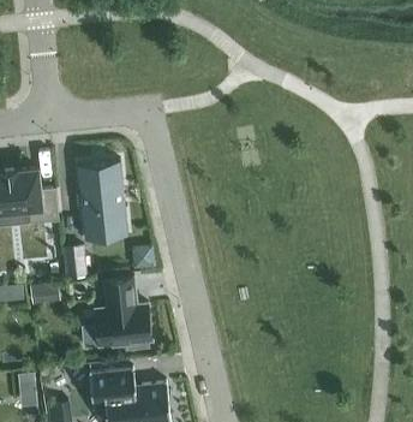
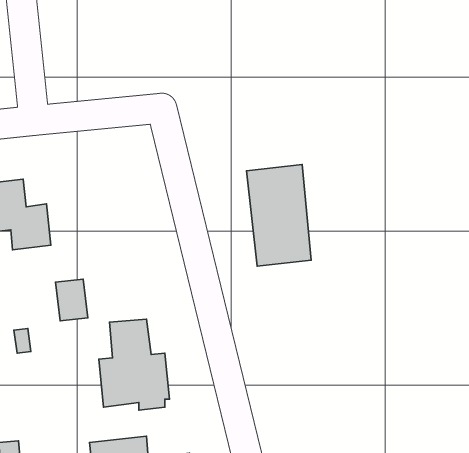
building: [77,162,127,242] -> [247,165,311,266]

